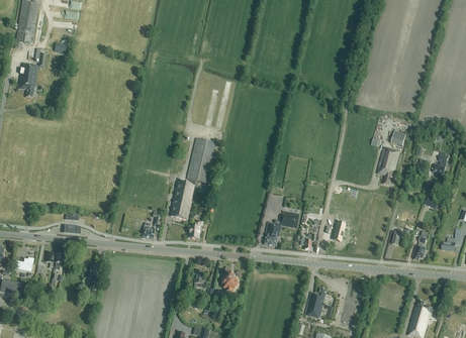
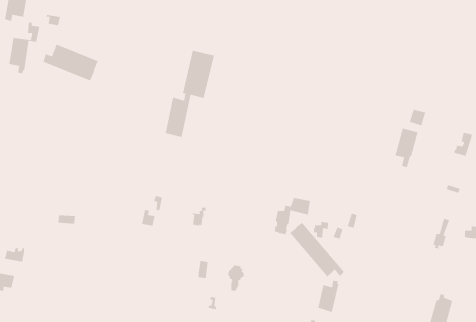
building: none -> [43,43,99,82]
building: [171,137,217,219] -> [165,50,215,138]
building: none -> [289,222,345,277]

